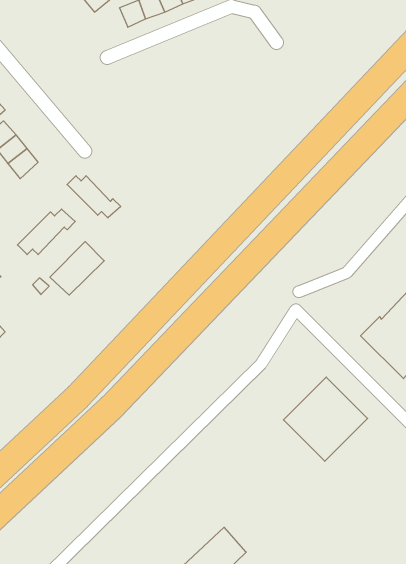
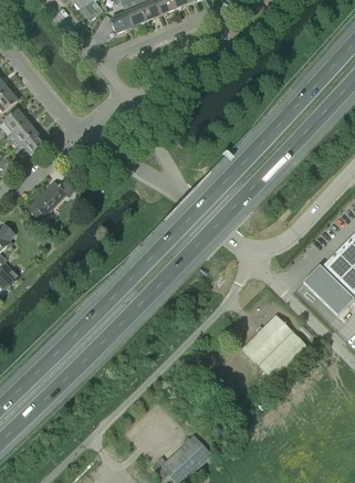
building: [67,176,121,218] -> none
building: [50,242,104,295] -> none

